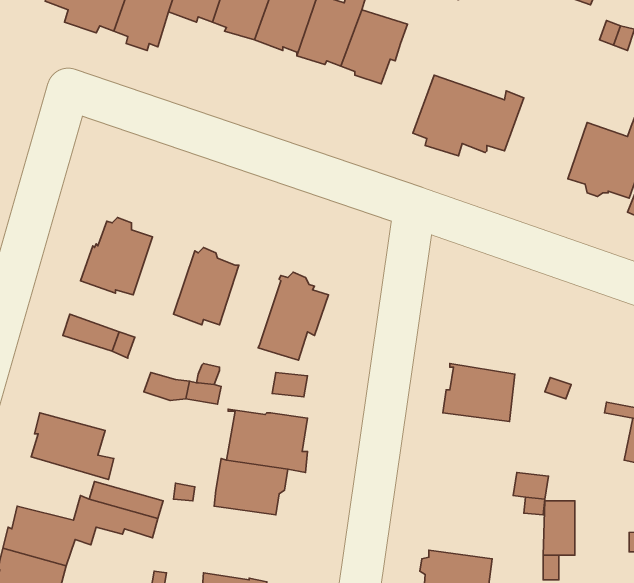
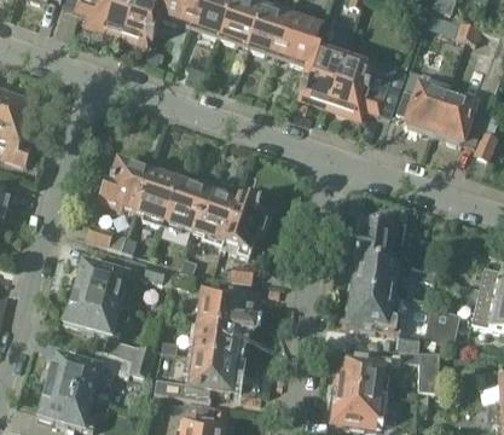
building: none -> [297,39,346,102]
building: none -> [396,69,451,132]
building: none -> [135,172,178,225]
building: none -> [195,191,237,242]
building: none -> [353,221,415,267]
building: none -> [71,263,135,308]
building: none -> [346,292,395,332]
building: none -> [423,309,460,346]
building: none -> [152,355,237,404]
building: none -> [335,358,390,393]

